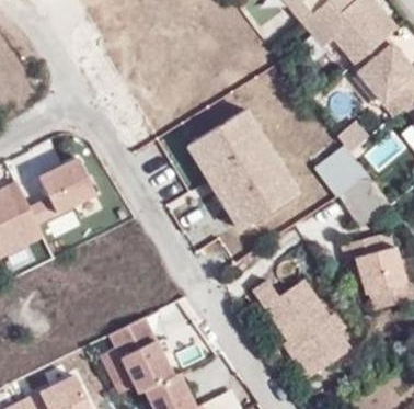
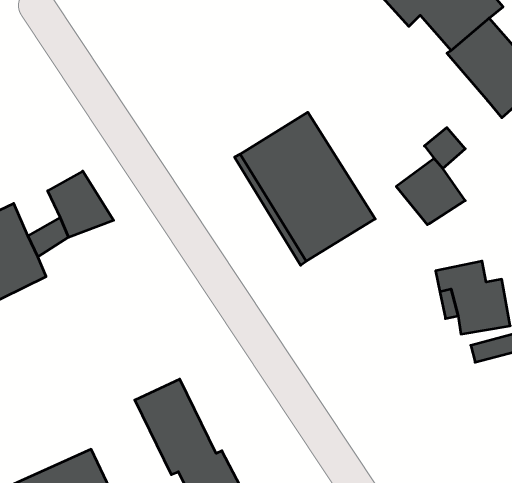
building: [340,180,390,227] -> none
building: [255,283,350,376] -> none

